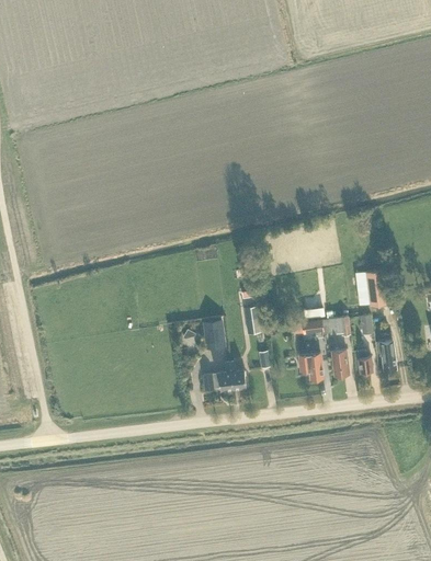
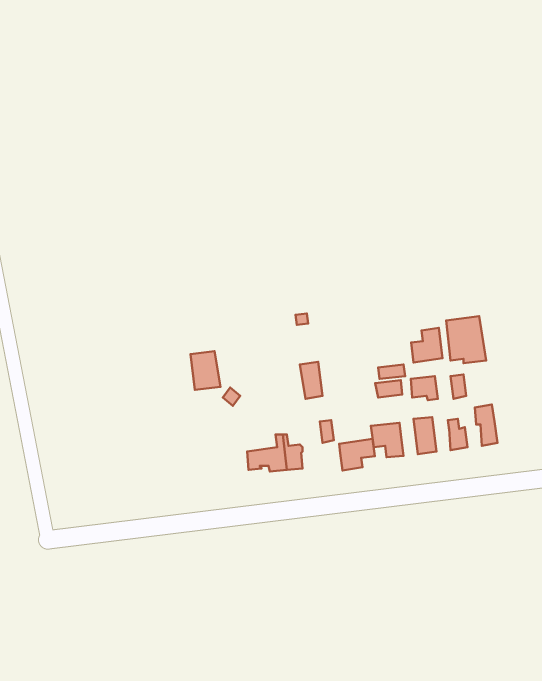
building: none -> [411,328,442,362]
building: [203,319,226,348] -> [190,351,220,390]
building: none -> [339,439,375,470]

